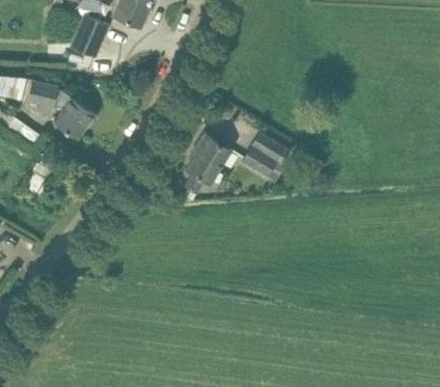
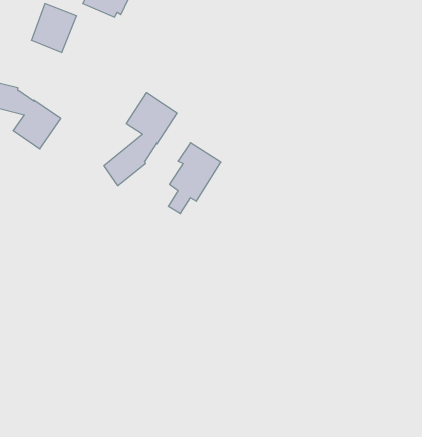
building: none -> [104,93,177,186]
building: [243,132,285,179] -> none

